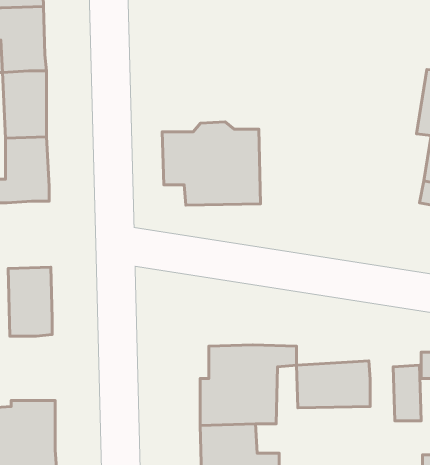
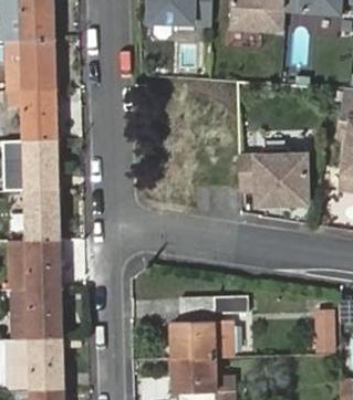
building: [162,122,260,205] -> [237,147,311,210]
building: none -> [25,188,59,239]
building: none -> [28,288,62,338]
building: [297,361,370,408] -> none

